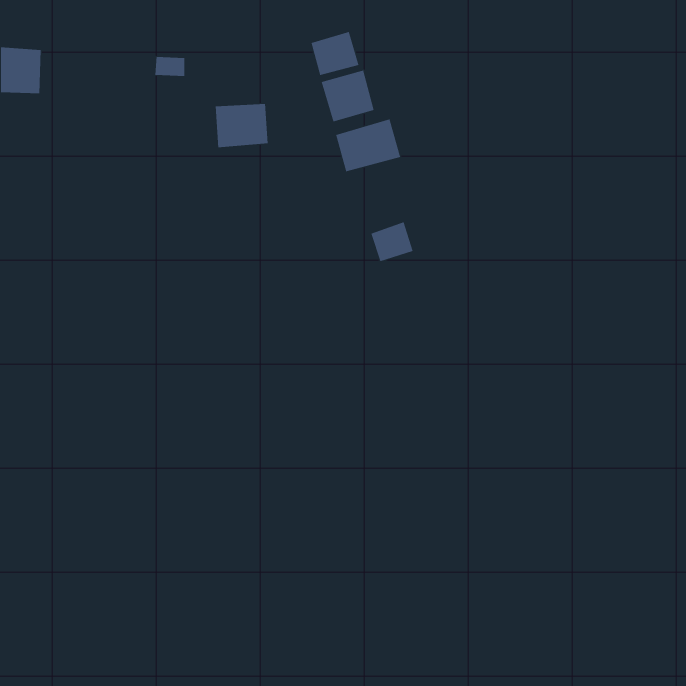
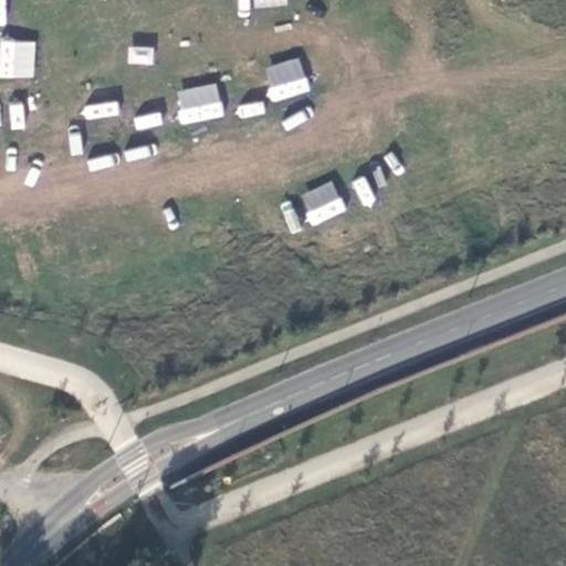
building: [311,31,359,76] -> none
building: [335,119,401,172] -> none

